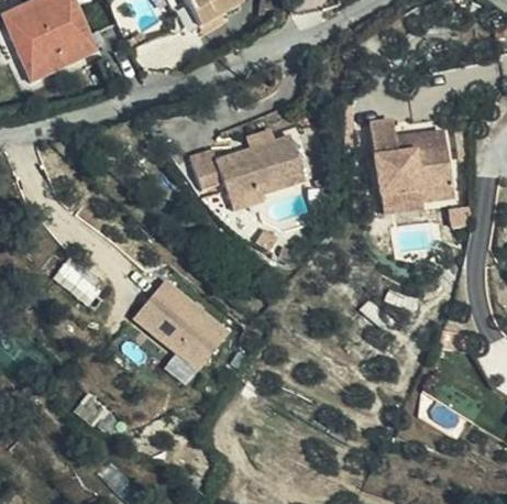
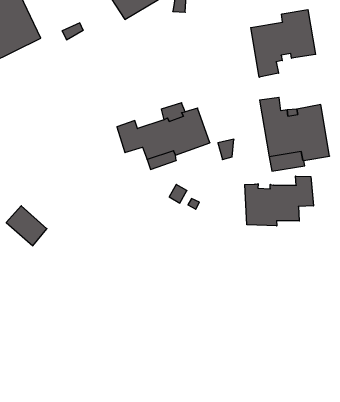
building: none -> [251,10,316,77]
building: none -> [245,176,313,226]
building: [133,280,229,371] -> none

